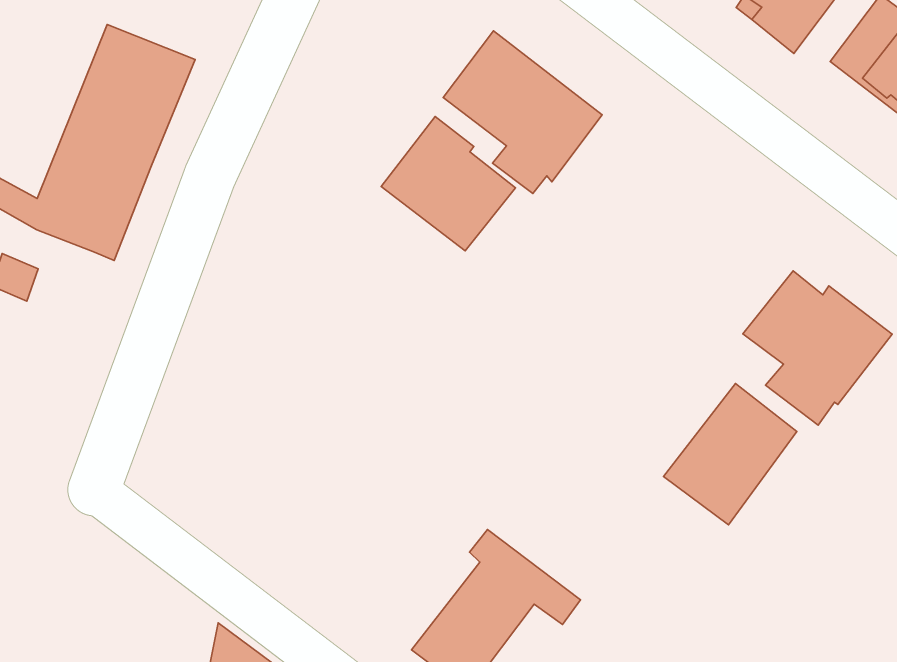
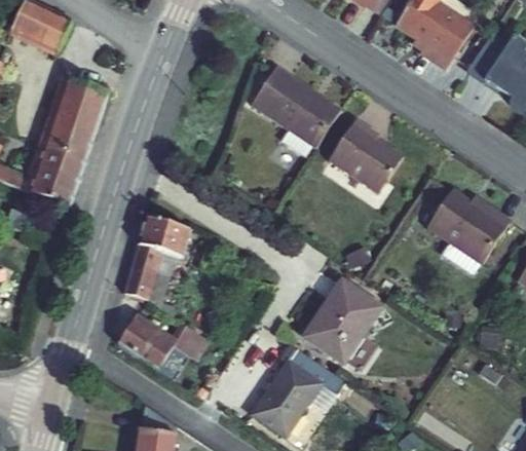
building: [381,116,515,251] -> [328,118,403,192]
building: none -> [124,217,191,318]
building: [663,383,797,525] -> [305,283,378,362]
building: none -> [117,320,209,371]

